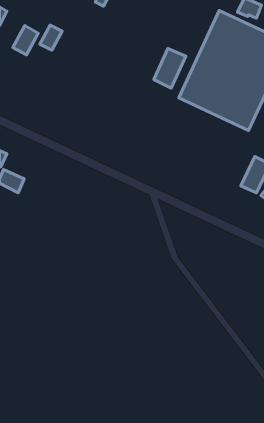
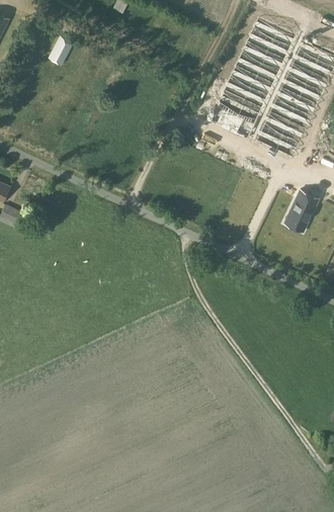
building: [13,26,38,55] -> none
building: [154,48,186,88] -> none

